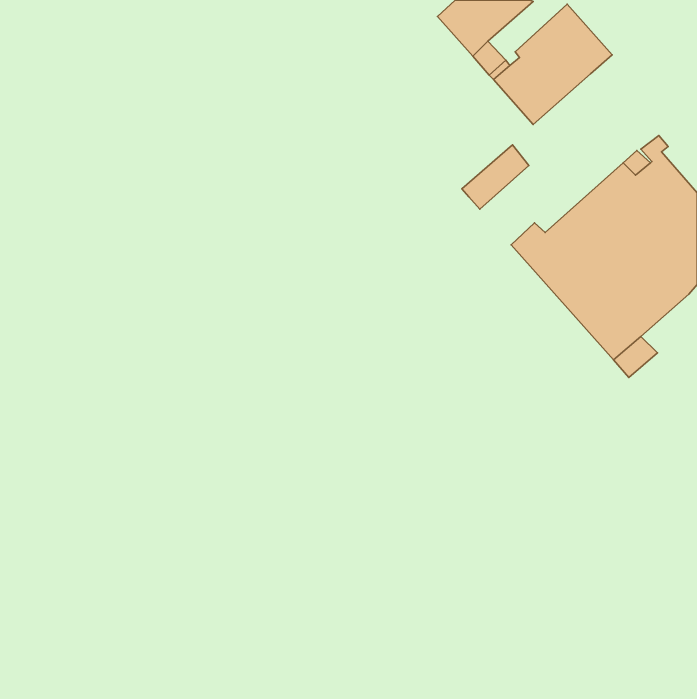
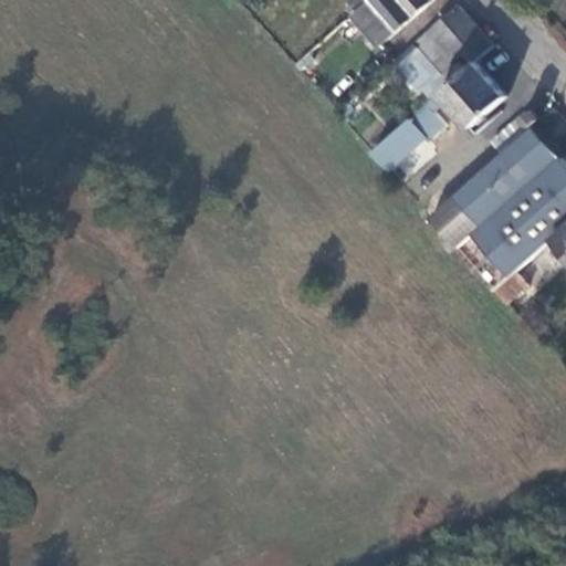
building: none -> [430,60,507,125]

